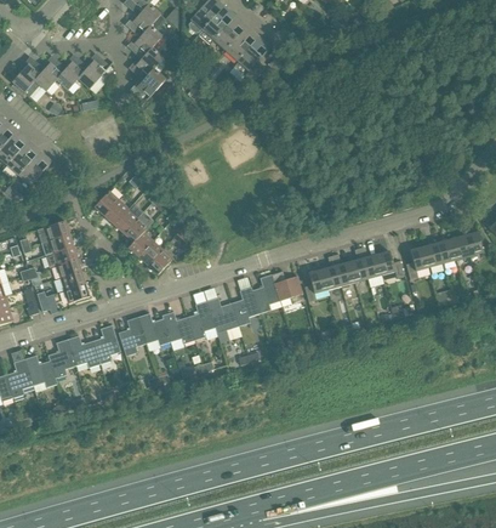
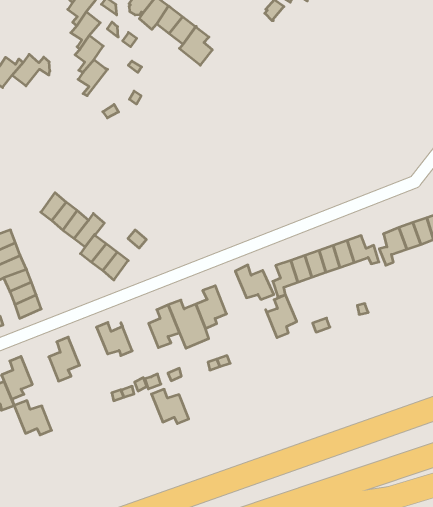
building: [251,274,279,313] -> [266,295,297,338]
building: [161,311,194,344] -> [151,389,189,424]
building: [118,317,147,356] -> none
building: [67,335,99,368] -> [14,401,52,435]

